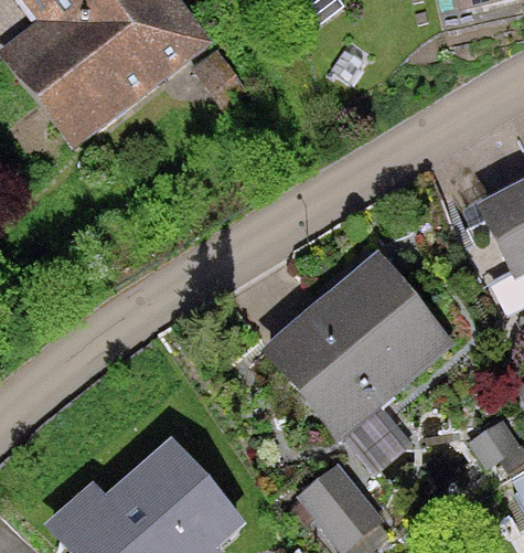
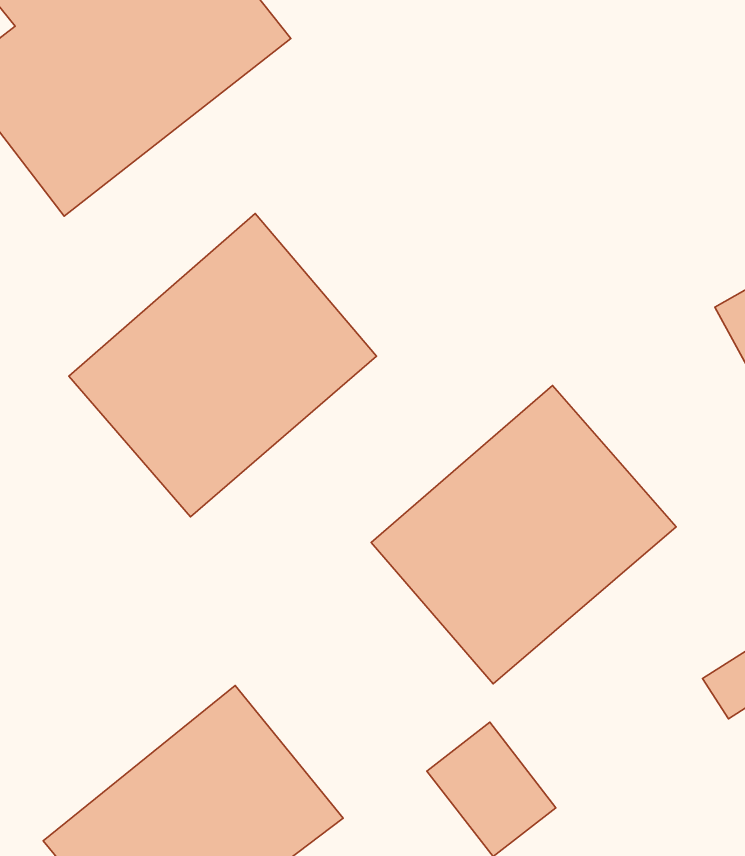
building: none -> [69,214,377,517]

